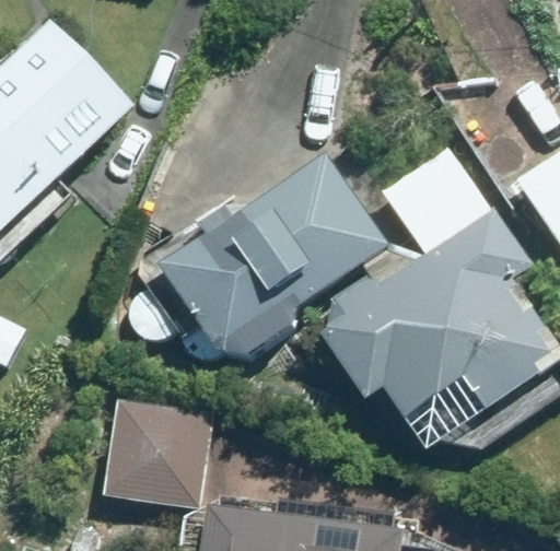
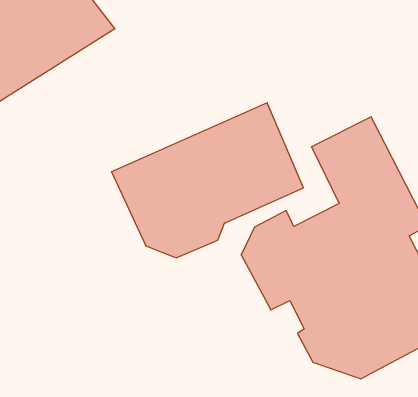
building: [103,403,209,505] -> none

